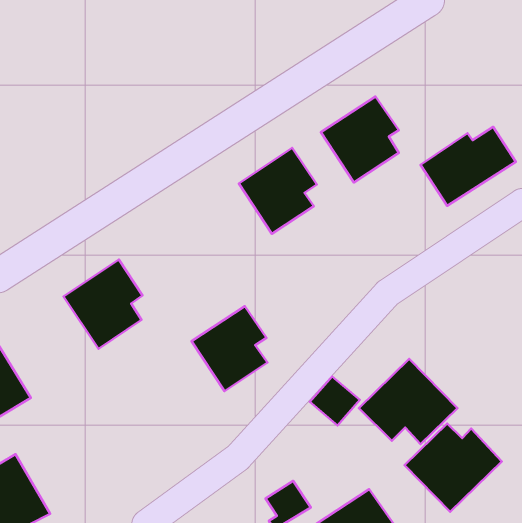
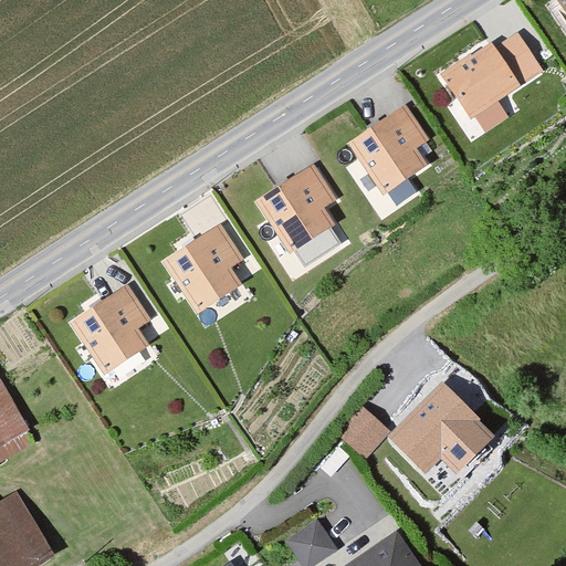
building: [420,127,516,206] -> [441,34,544,119]
building: [192,306,267,391] -> [163,222,244,314]
building: [404,424,502,512] -> none

